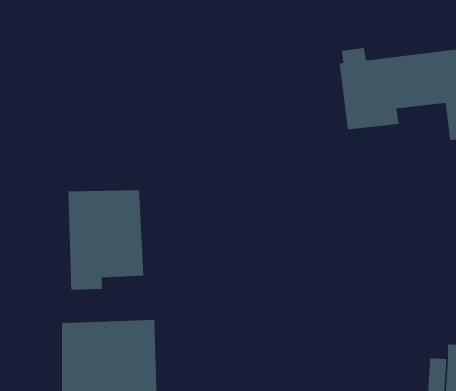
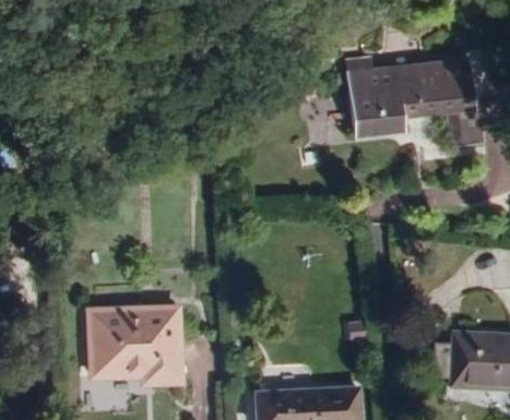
building: [68,190,144,291] -> none

